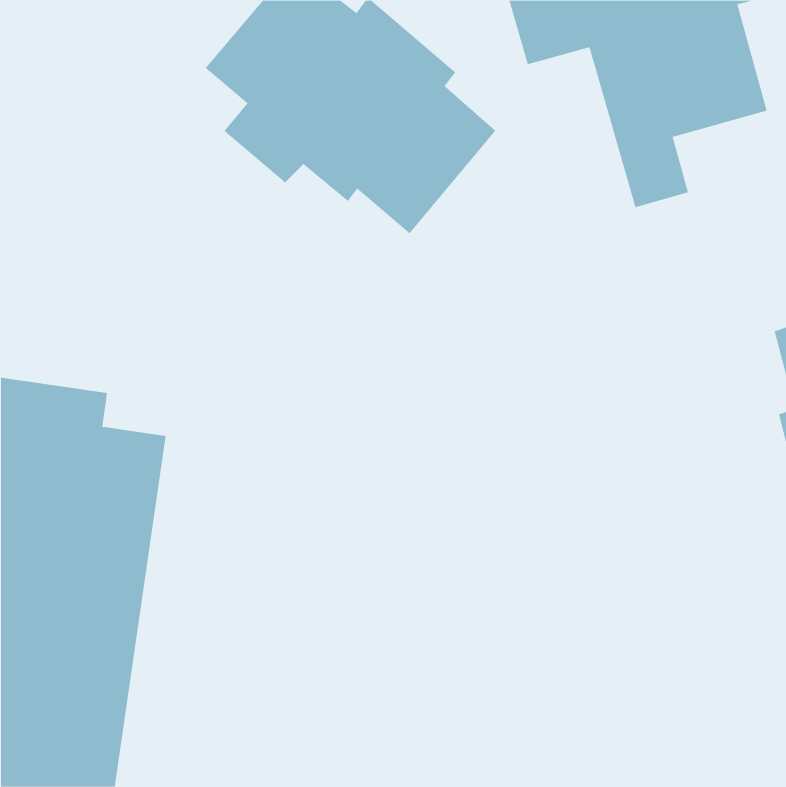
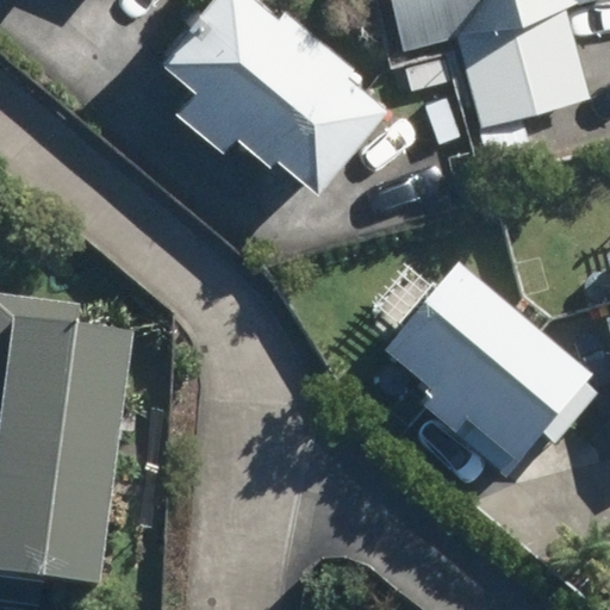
building: none -> [371,266,602,481]

